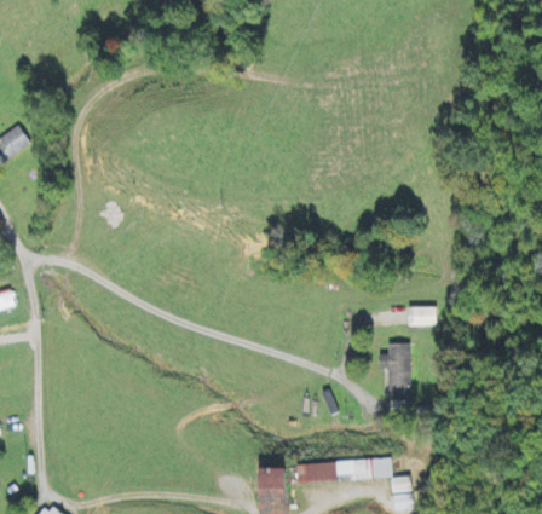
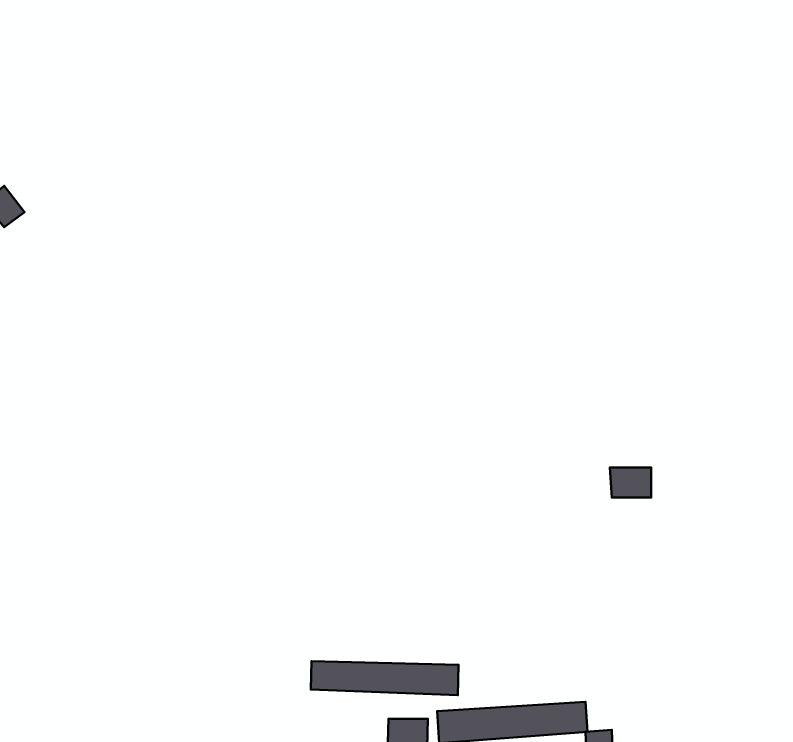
building: [379,343,409,394] -> none
building: none -> [311,661,459,695]

